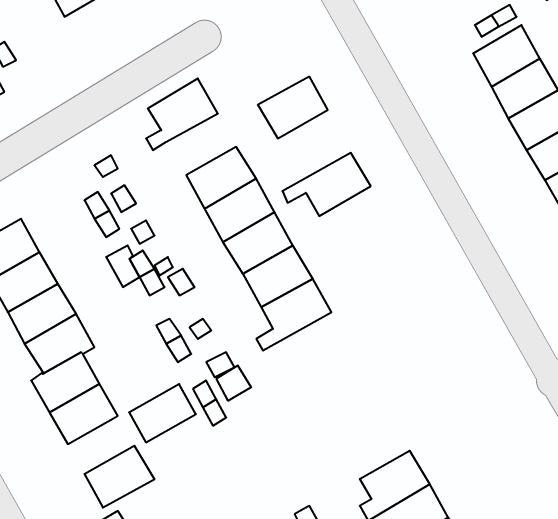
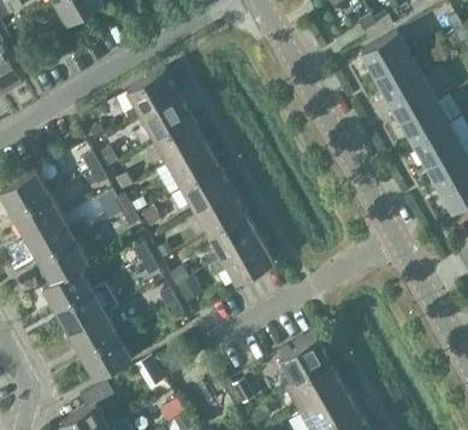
building: [258,77,328,138] -> [140,95,190,140]
building: [282,153,371,216] -> [209,238,273,284]
building: [129,384,196,442] -> [69,313,117,355]

